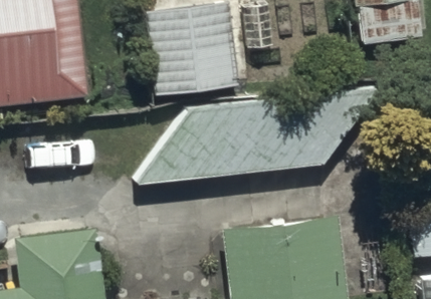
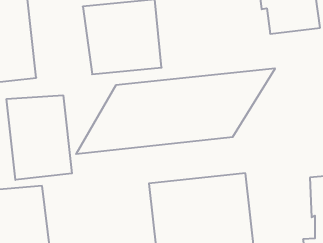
building: none -> [7,95,72,180]

